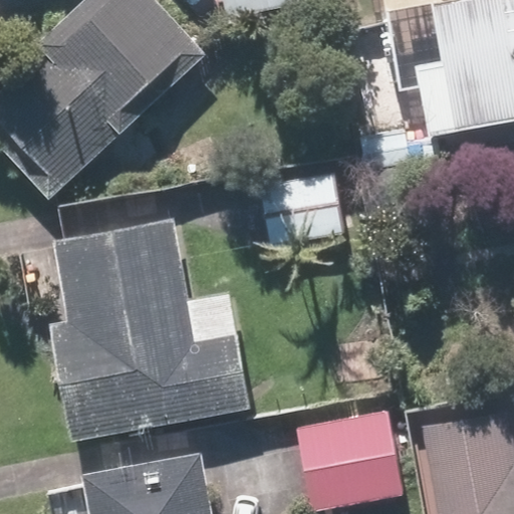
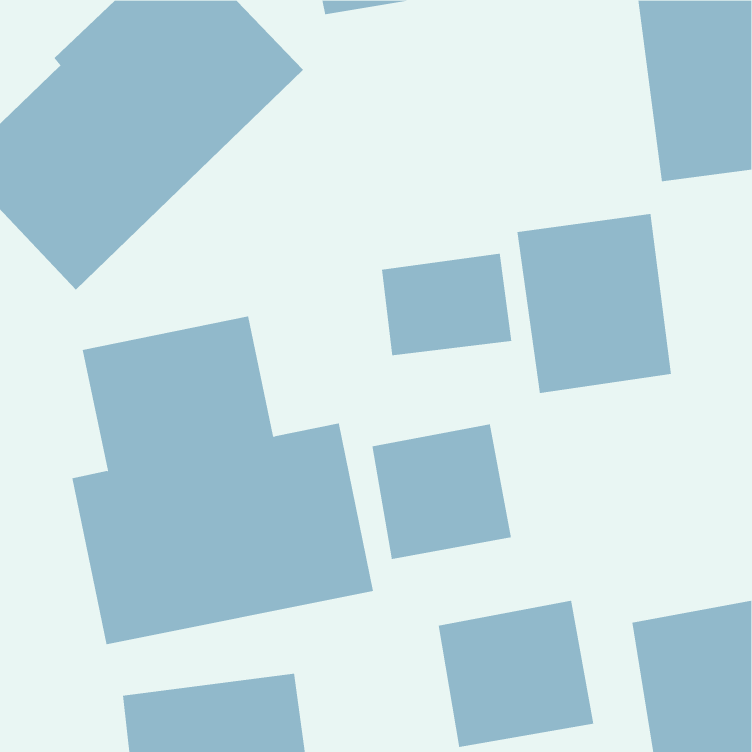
building: none -> [517,213,671,394]
building: none -> [372,424,511,560]

